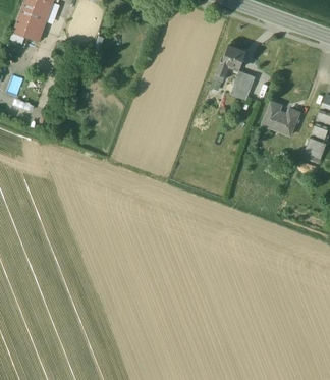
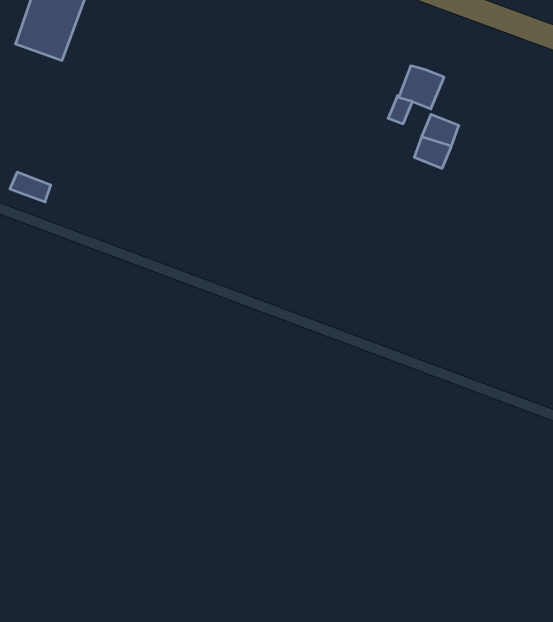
building: [262,101,299,134] -> none

